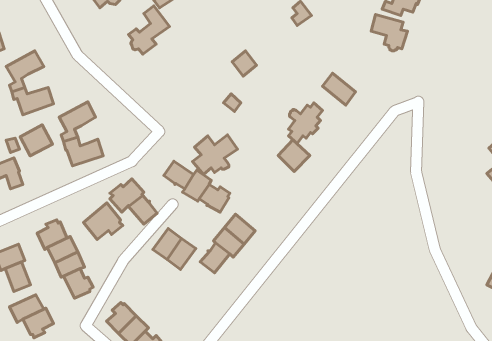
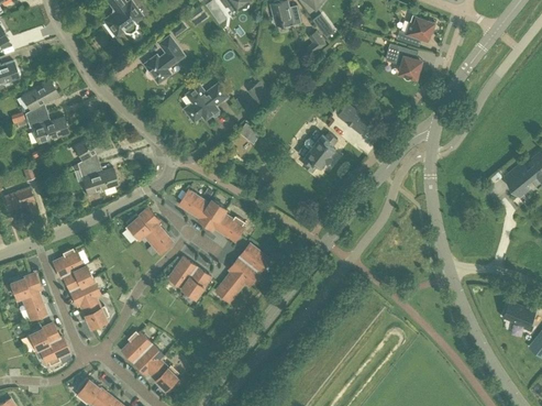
building: [20,125,52,156] -> none
building: [192,135,238,175] -> [184,83,229,122]
building: [278,140,310,171] -> none
building: [84,203,123,240] -> none

